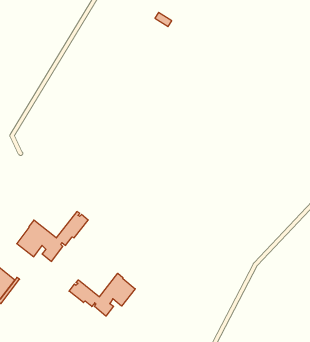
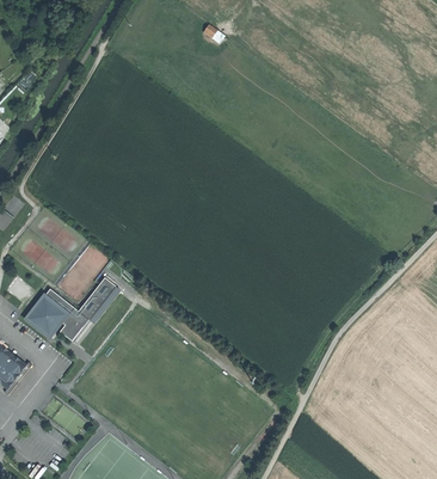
building: [69,273,135,316] -> none

